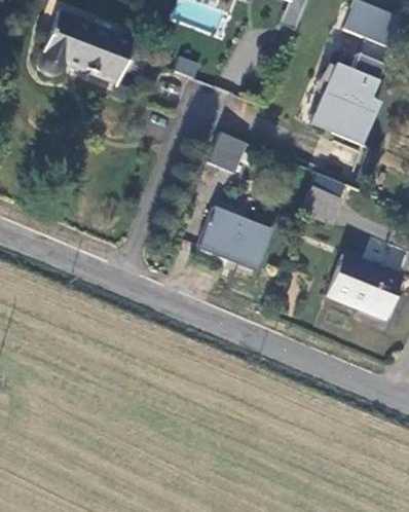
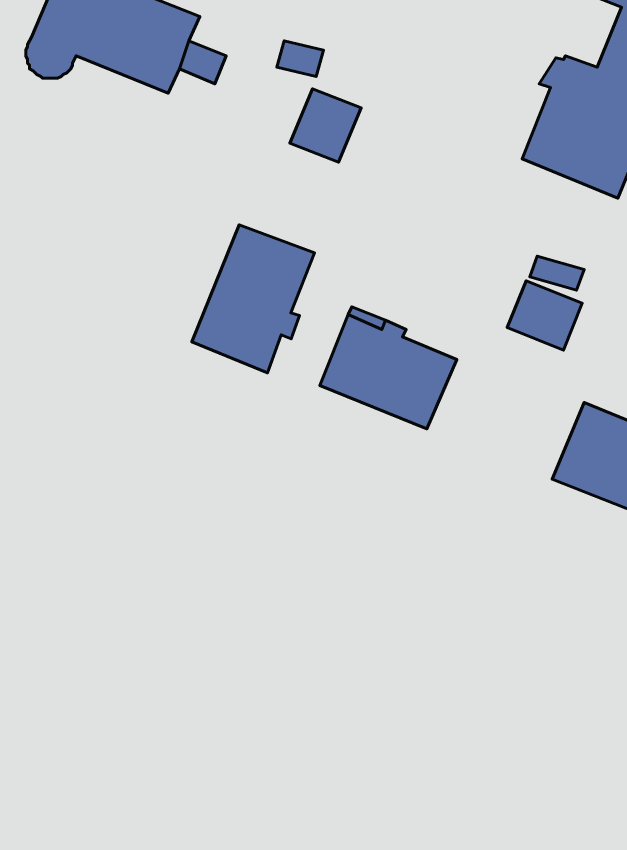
building: [209,133,248,173] -> [290,89,361,162]
building: none -> [192,225,315,373]

